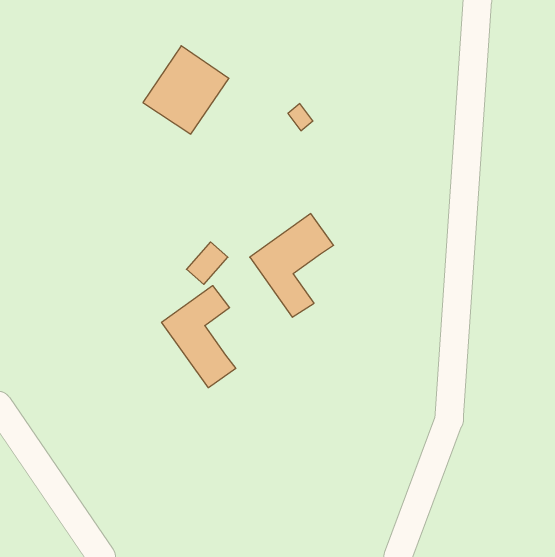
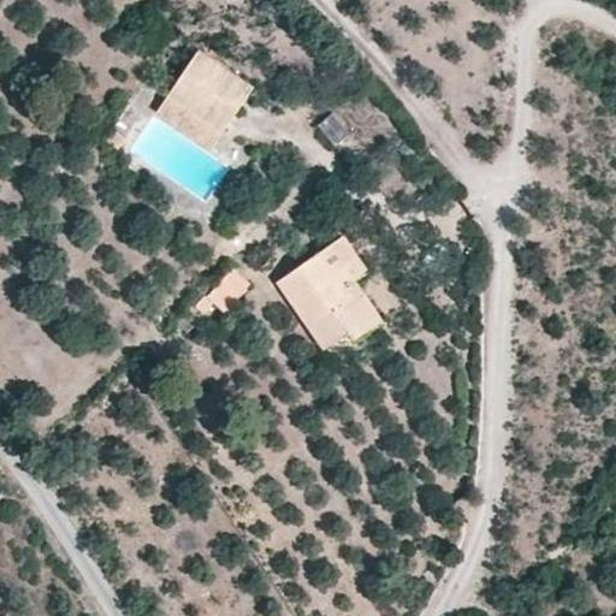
building: none -> [324,280,383,343]
building: [162,286,236,388] -> none

